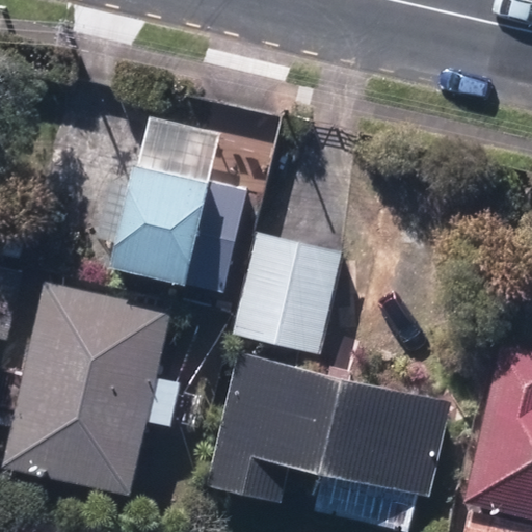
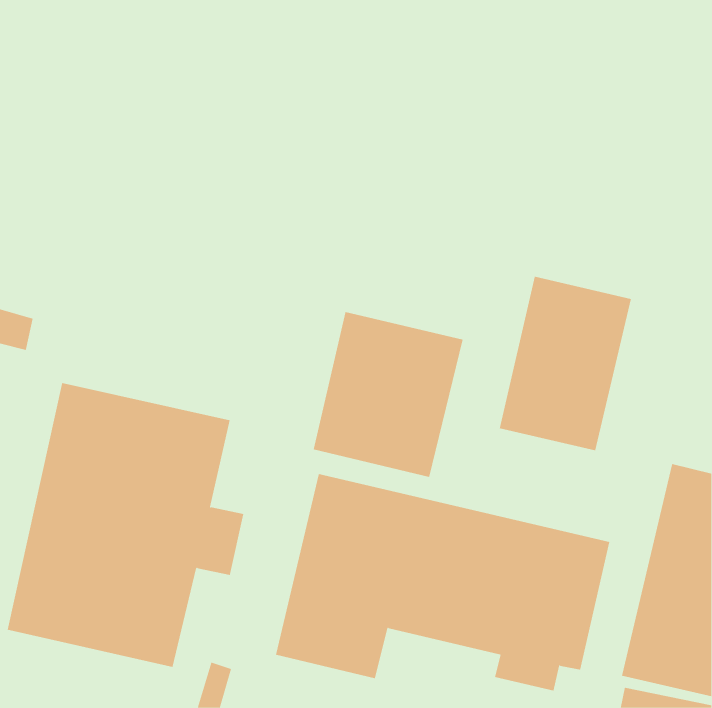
building: [97,118,248,294] -> none
building: none -> [499,276,632,451]

